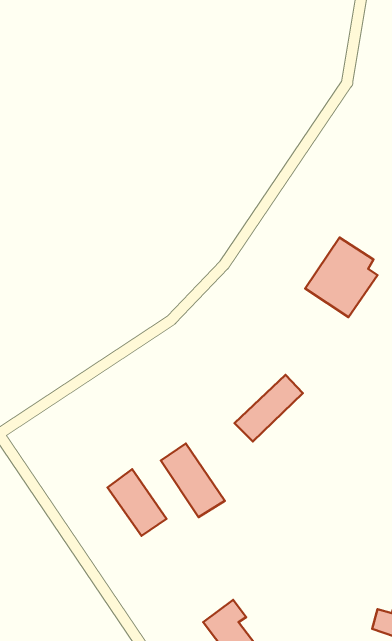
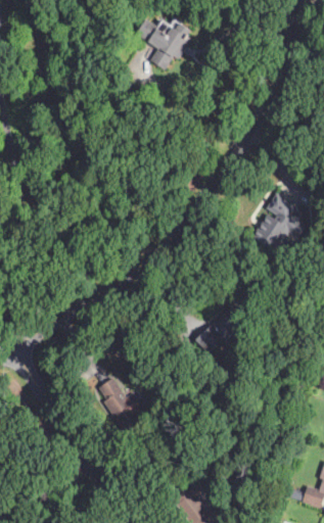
building: none -> [141,18,191,69]
building: [161,443,225,517] -> none

